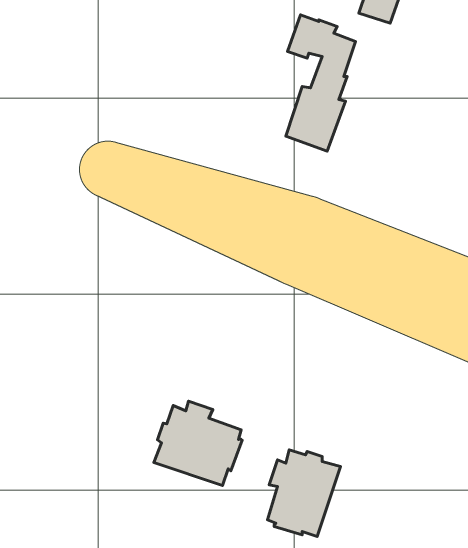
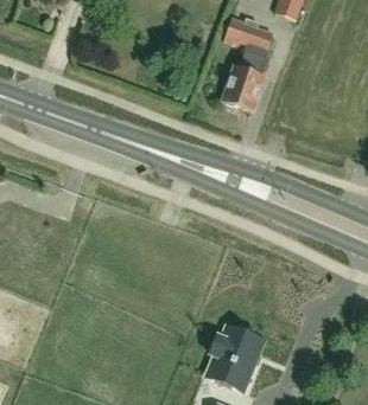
building: [154,401,242,485] -> none

